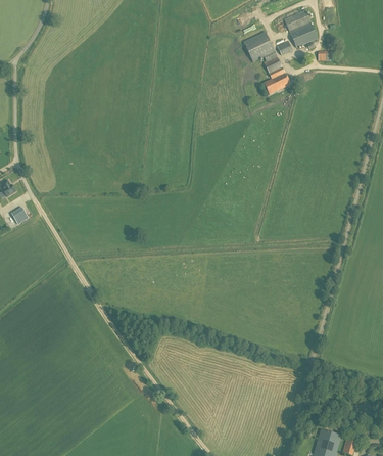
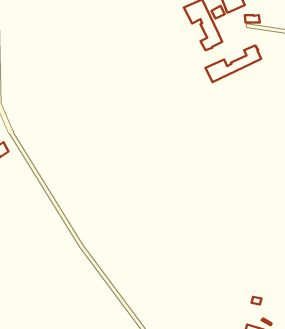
building: none -> [205,45,261,82]

